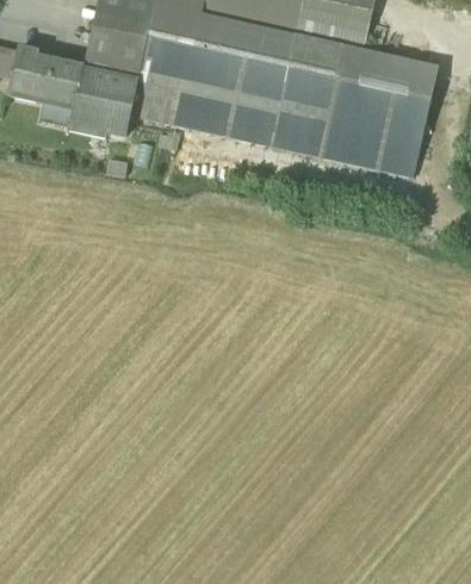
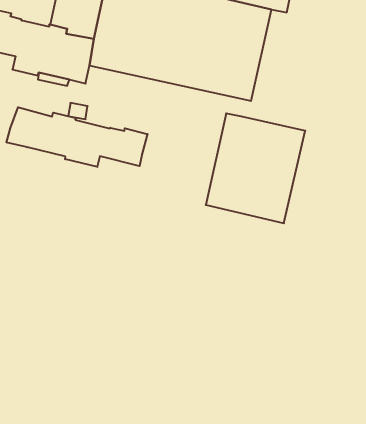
building: [321,48,438,176] -> [206,113,305,223]
building: none -> [6,107,148,167]

